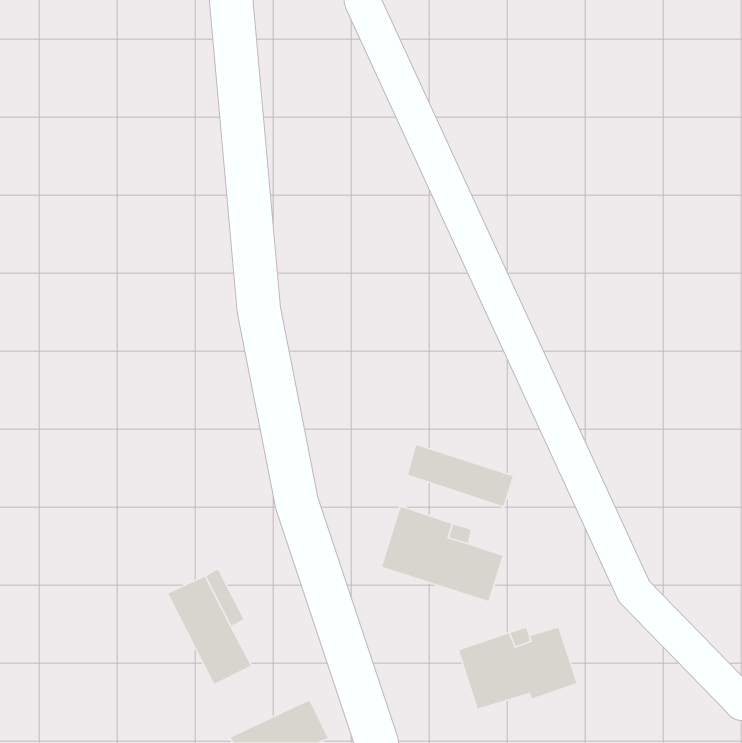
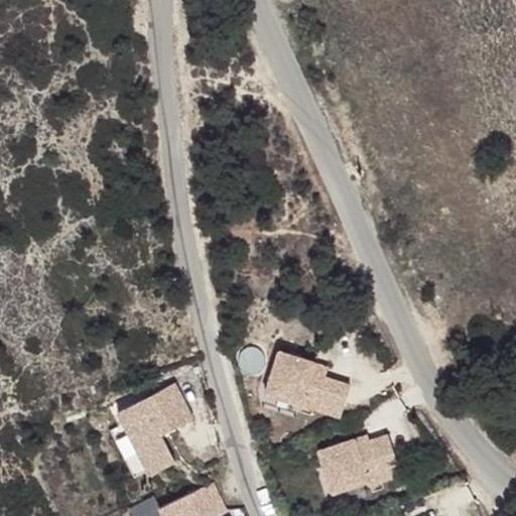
building: [407,444,514,507] -> none
building: none -> [151,383,191,429]

